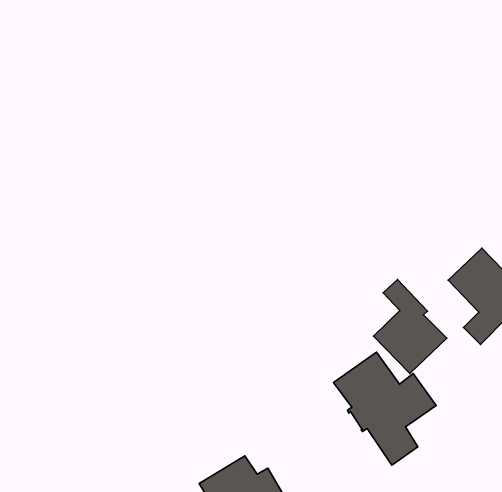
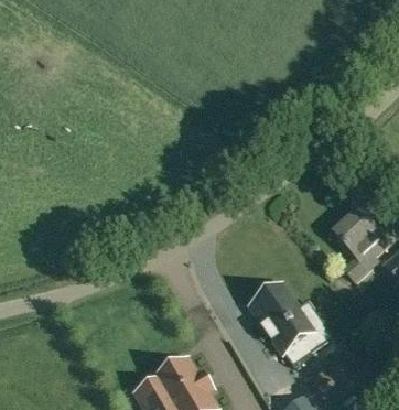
building: [374,279,447,374] -> none

